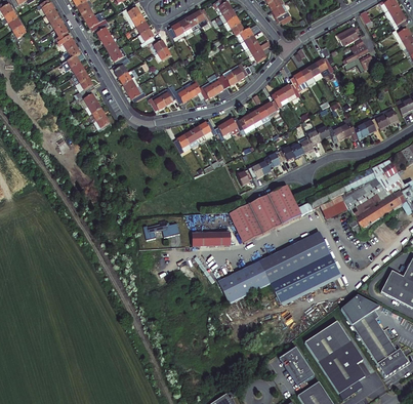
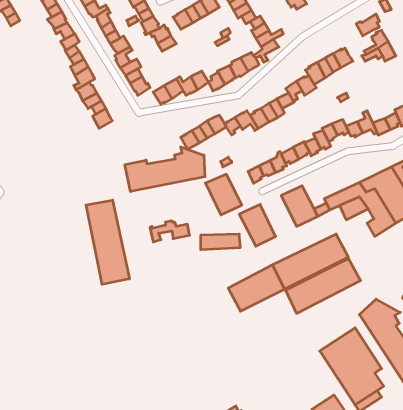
building: none -> [125,147,205,192]
building: [249,196,283,234] -> [205,174,242,215]
building: none -> [86,200,129,284]
building: [280,348,314,385] -> none

